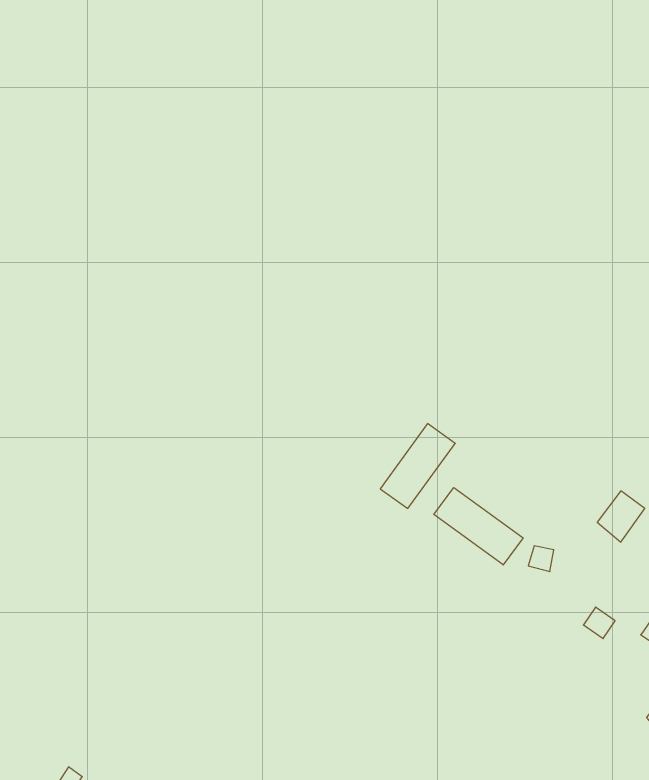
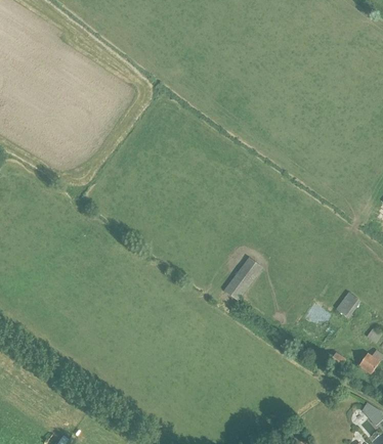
building: [434,488,523,565] -> none

